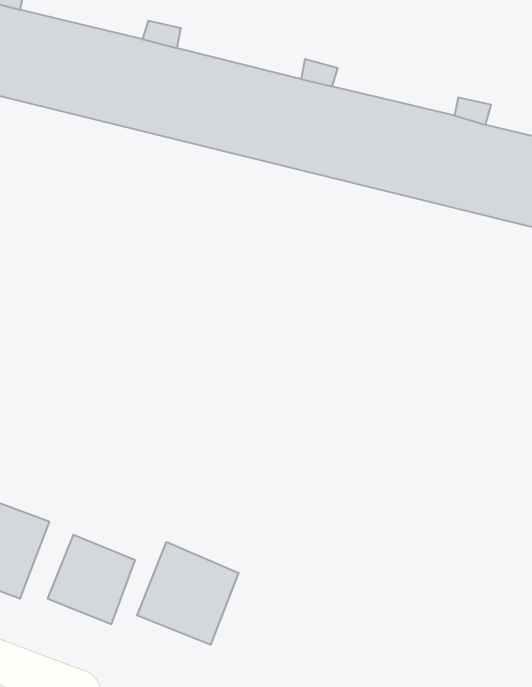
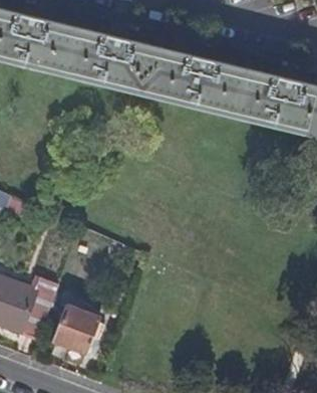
building: [137,542,239,645] -> none

